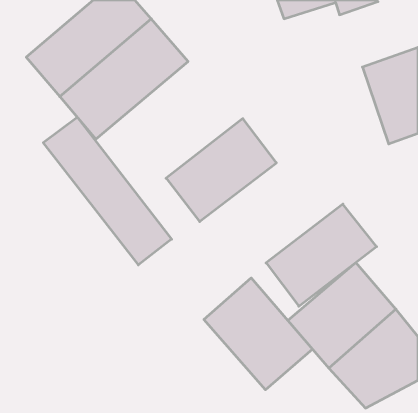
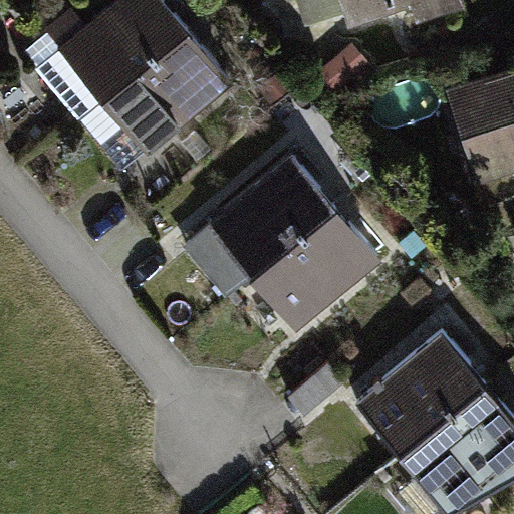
building: [43,117,172,265] -> none
building: [266,204,377,306] -> [245,206,380,331]
building: [204,278,313,390] -> none

